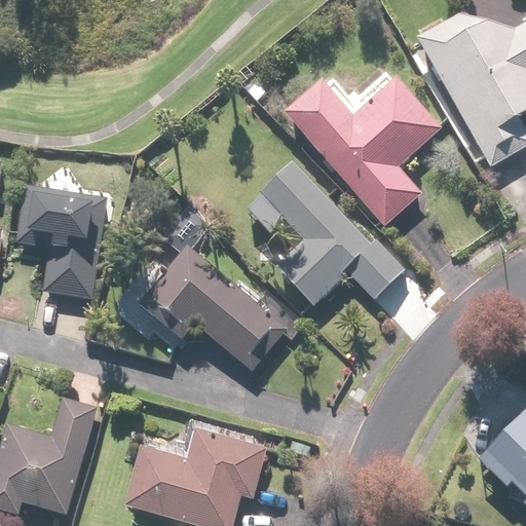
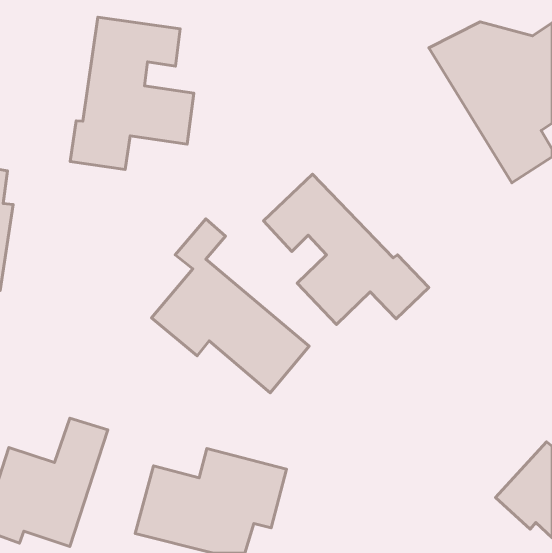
building: none -> [70,17,194,170]
building: [274,76,434,228] -> none
building: [14,182,108,298] -> none

